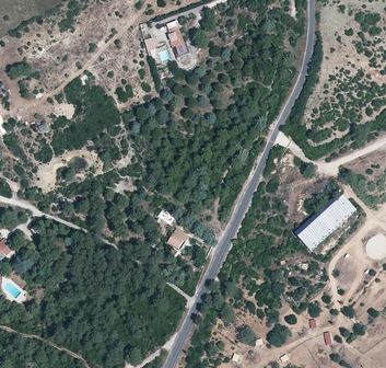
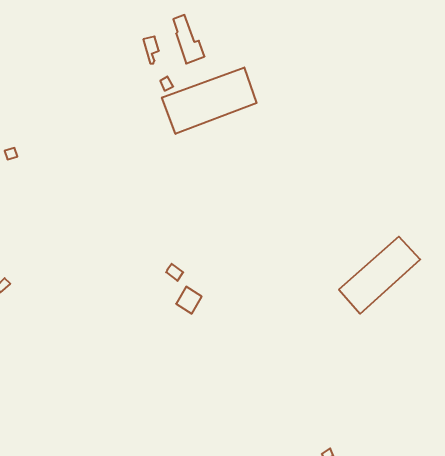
building: none -> [162,67,257,134]

